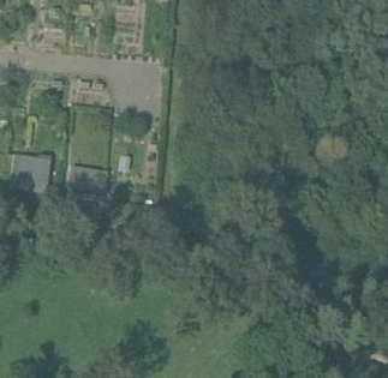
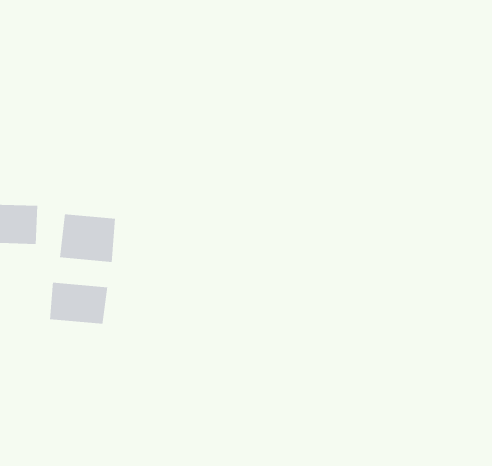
building: none -> [50,282,108,325]

